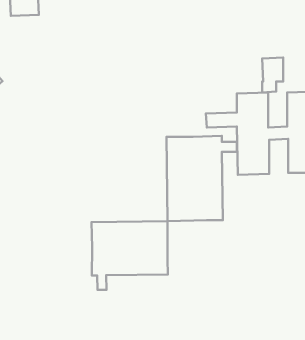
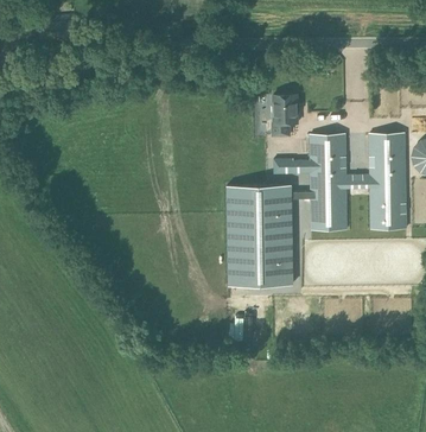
building: [262,57,283,93] -> [272,94,297,135]
building: [91,221,168,290] -> none

